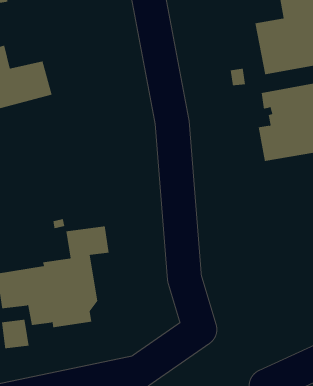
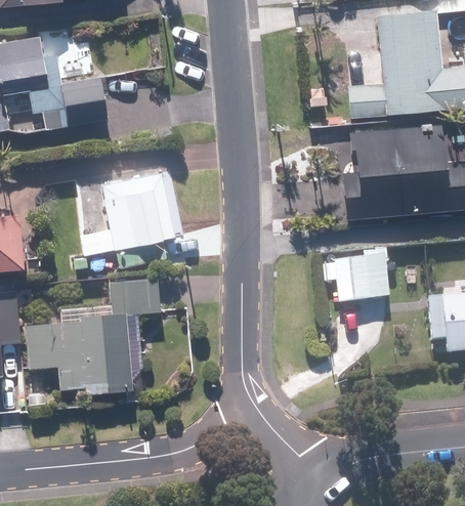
building: none -> [78,170,173,267]
building: none -> [327,258,391,302]

